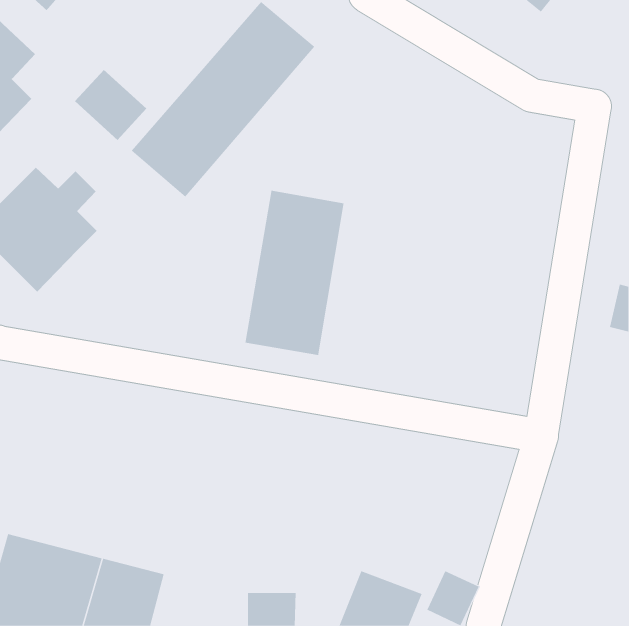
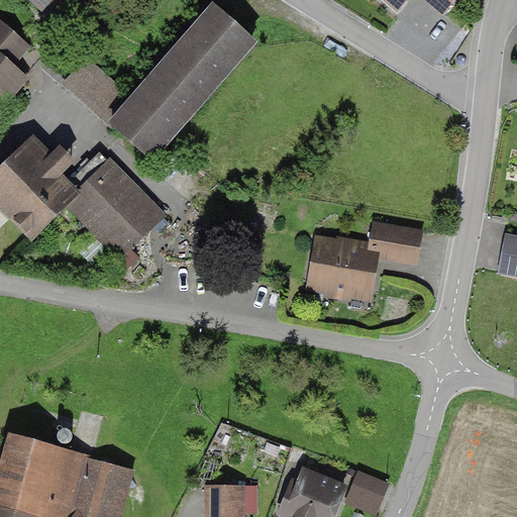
building: [245,190,344,356] -> none
building: none -> [64,161,162,258]
building: none -> [305,220,421,301]

